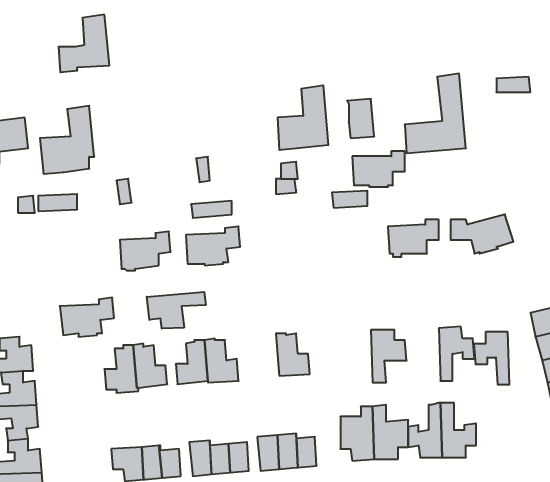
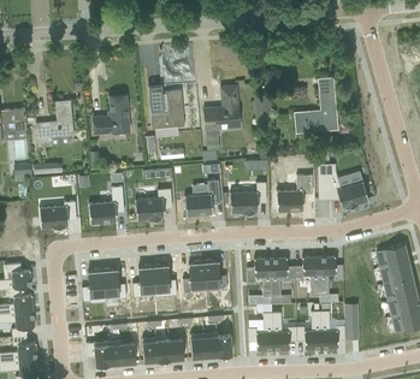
building: [59,15,109,72] -> [93,96,129,137]
building: none -> [148,87,184,130]
building: [352,151,405,187] -> [235,183,272,208]
building: none -> [189,183,225,212]
building: [147,292,206,329] -> none
building: [60,298,114,337] -> [41,194,79,221]
building: none -> [246,260,271,297]
building: [474,332,509,385] -> [294,259,319,296]
building: none -> [182,262,205,300]

